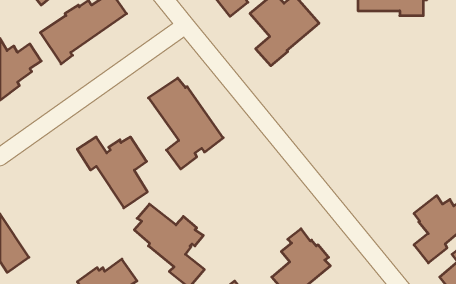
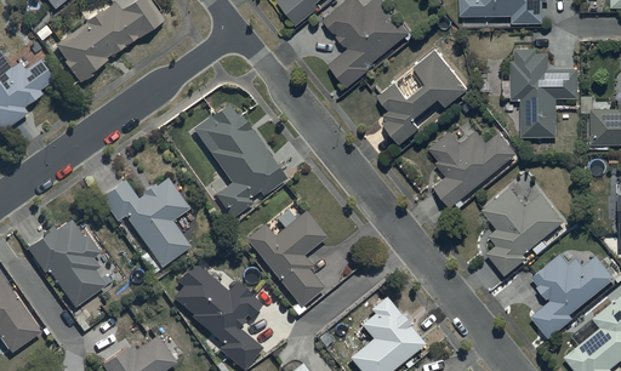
building: none -> [377,48,466,144]
building: none -> [509,48,577,138]
building: none -> [428,131,515,210]
building: none -> [479,188,564,276]
building: none -> [244,210,326,306]
building: none -> [25,219,106,309]

